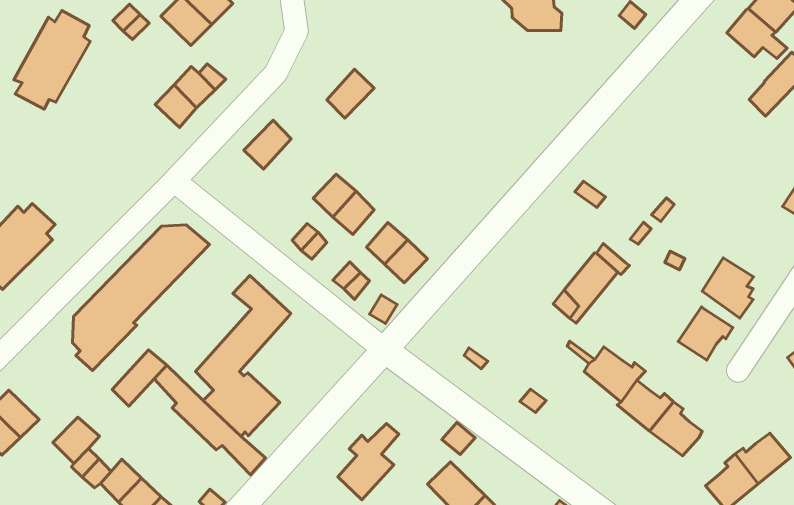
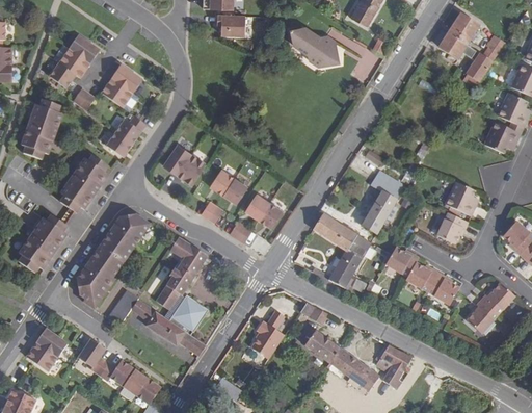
building: [327,69,374,118] -> [176,153,203,183]
building: none -> [53,152,102,210]
building: none -> [311,213,370,288]

